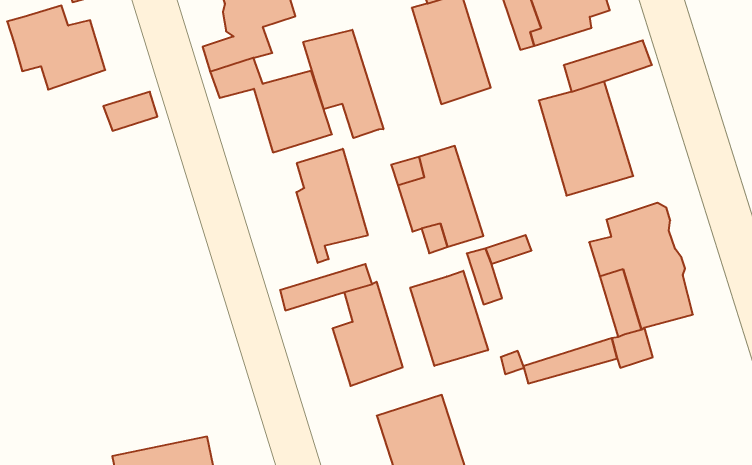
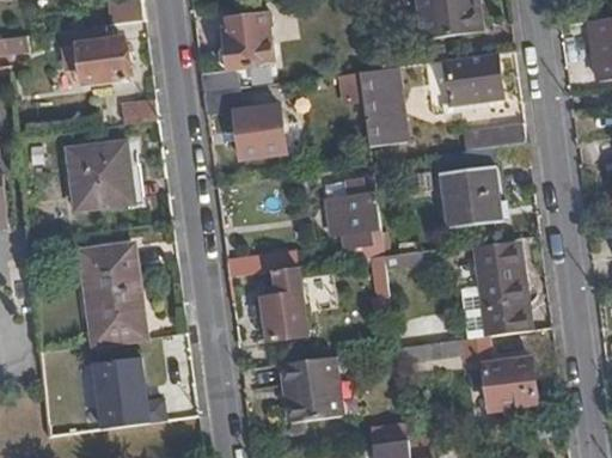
building: [303,30,383,138] -> none
building: [296,149,368,263] -> none
building: none -> [69,142,131,208]
building: [410,271,488,366] -> none
building: none -> [82,244,145,343]
building: none -> [483,356,537,410]

